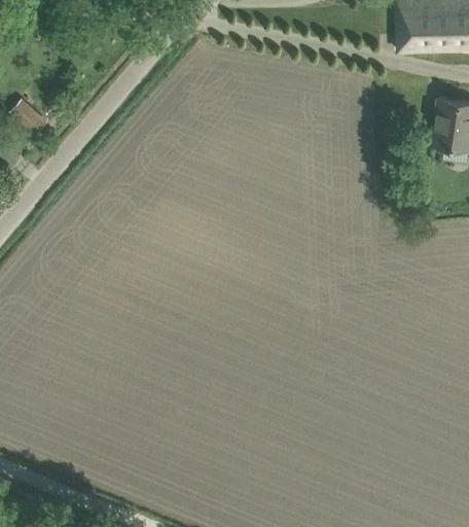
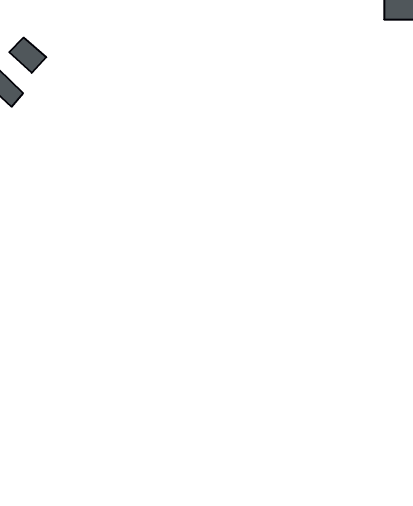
building: none -> [9,38,46,73]

